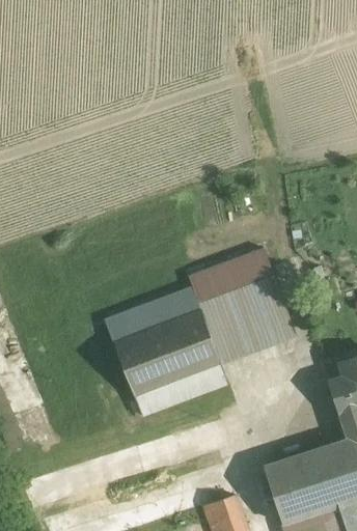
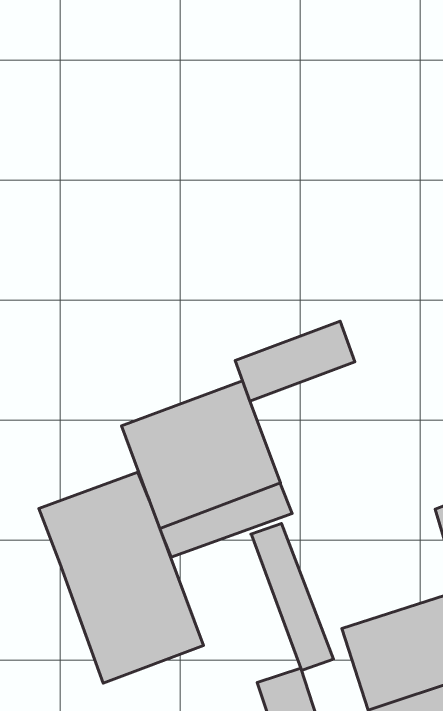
building: [197,277,295,364] -> none
building: none -> [39,472,203,683]
building: none -> [251,524,334,671]

